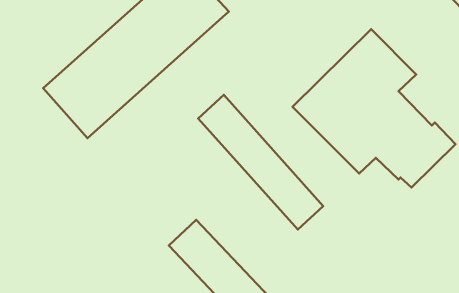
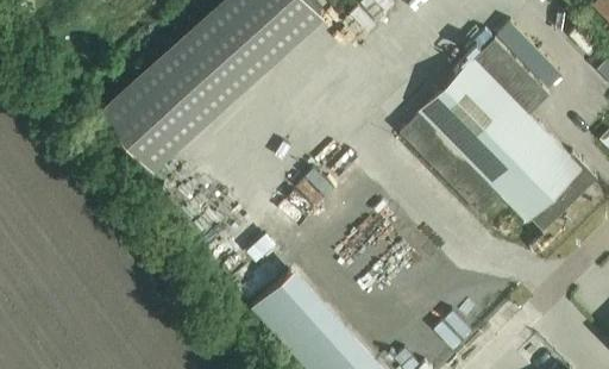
building: none -> [497,21,563,88]
building: [198,95,323,229] -> none

